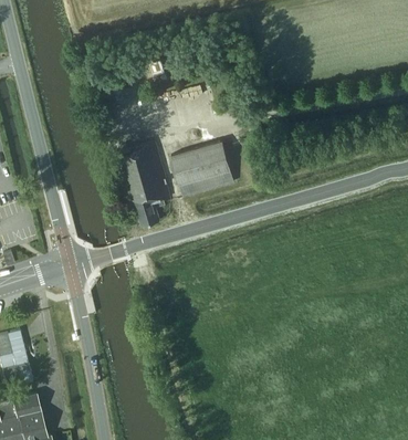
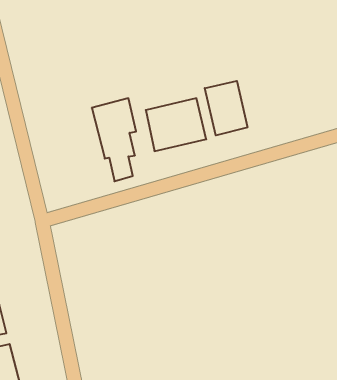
building: none -> [205,81,247,135]

